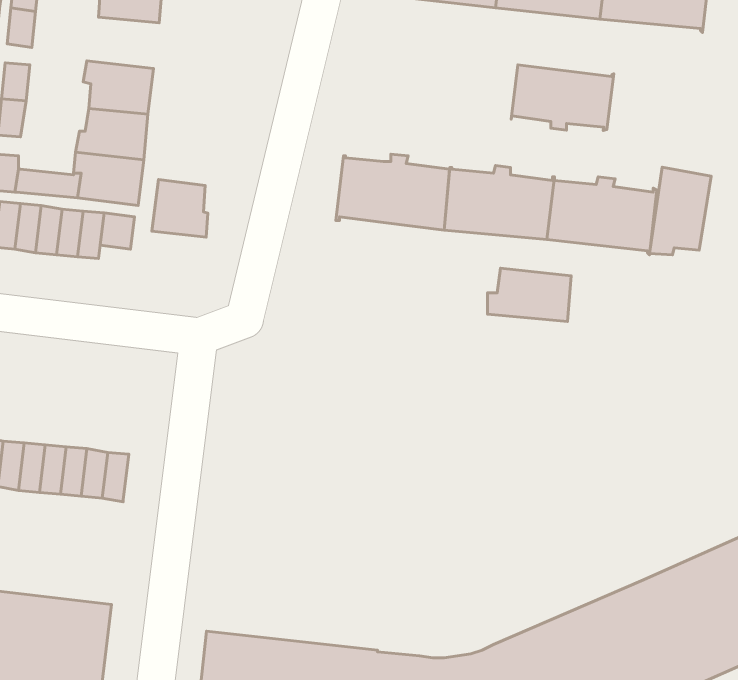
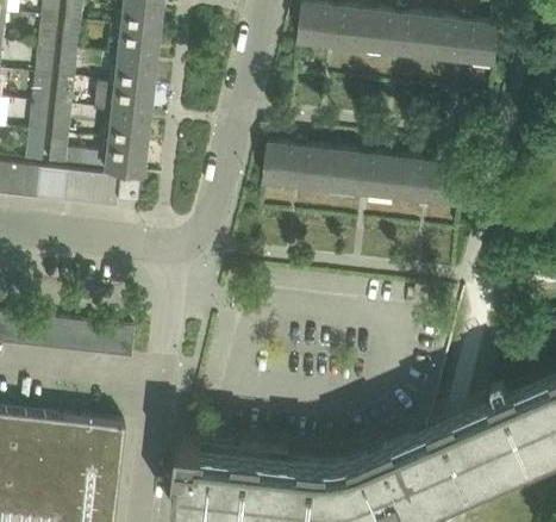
building: none -> [108,60,154,92]
building: [511,65,614,130] -> none
building: [649,167,711,255] -> none
building: [152,179,208,237] -> none
building: [487,268,571,321] -> none

